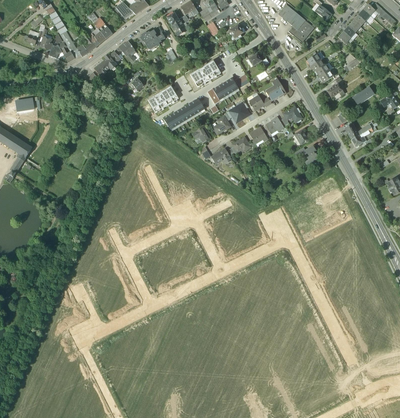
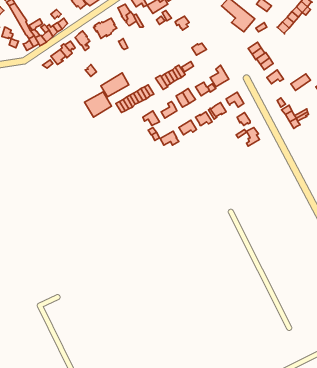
building: [189,60,220,86] -> none
building: none -> [85,92,111,117]

